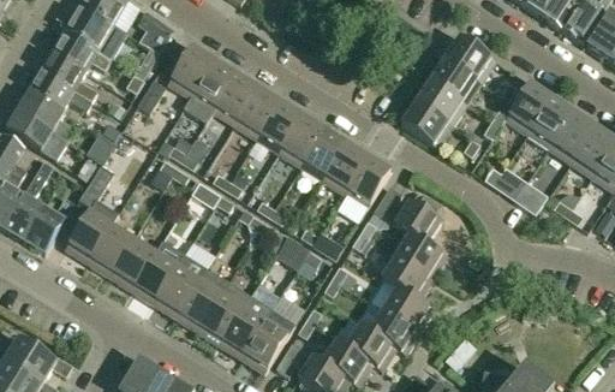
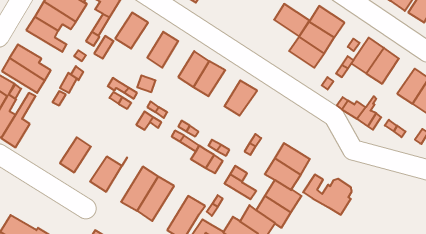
building: [189,58,235,117] -> none
building: [28,69,91,109] -> none
building: [234,84,280,136] -> none
building: [401,99,452,145] -> [274,4,309,37]
building: [549,109,596,160] -> none
building: [300,126,346,178] -> none
building: [345,155,390,206] -> none
building: [65,161,119,260] -> none
building: [372,184,442,242] -> [303,175,352,215]
building: [24,198,72,249] -> none
building: [108,236,155,286] -> none
building: [154,251,207,315] -> none
building: [220,292,271,356] -> none

